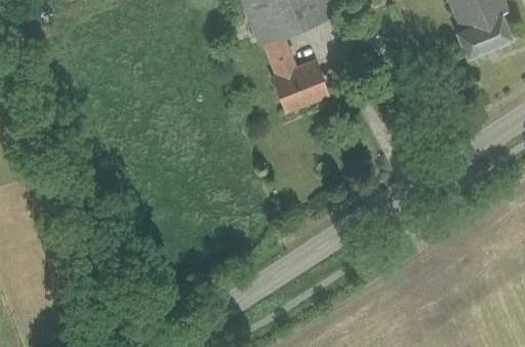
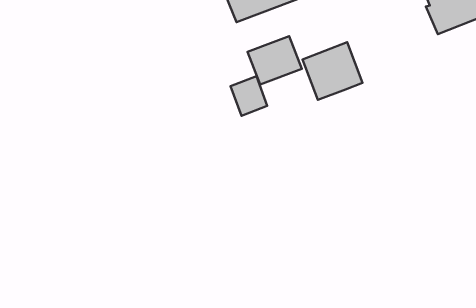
building: [259,34,297,75] -> [231,76,267,116]
building: none -> [303,42,362,100]

